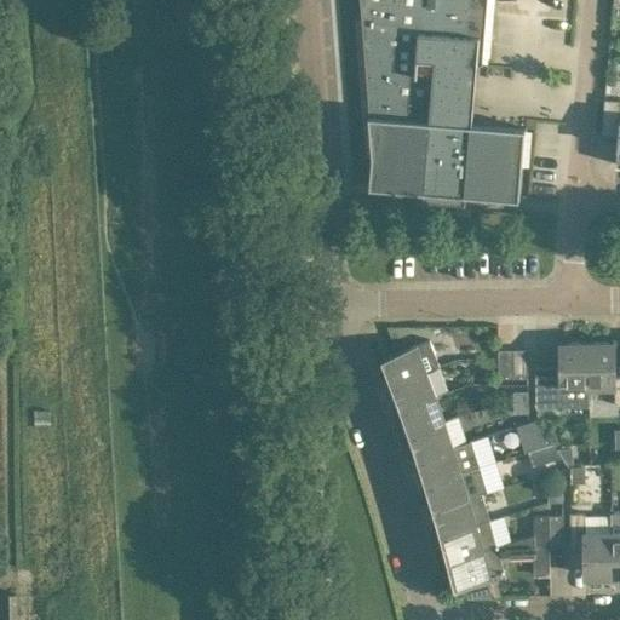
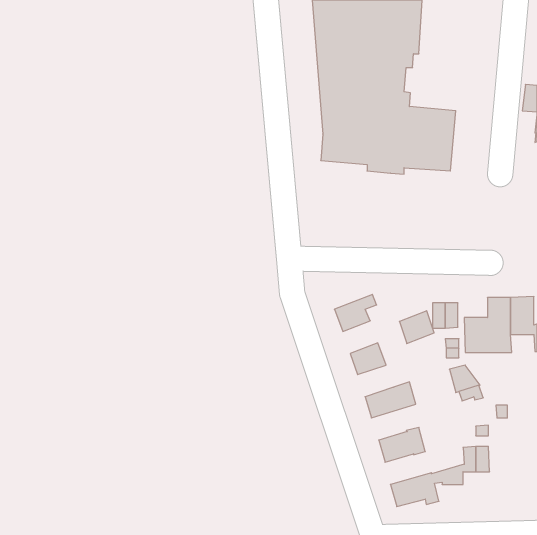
building: [394,373,434,411] -> [399,311,434,344]
building: [411,424,452,460] -> none
building: [426,469,486,510] -> none
building: [568,516,610,579] -> none
building: [442,523,495,561] -> none

